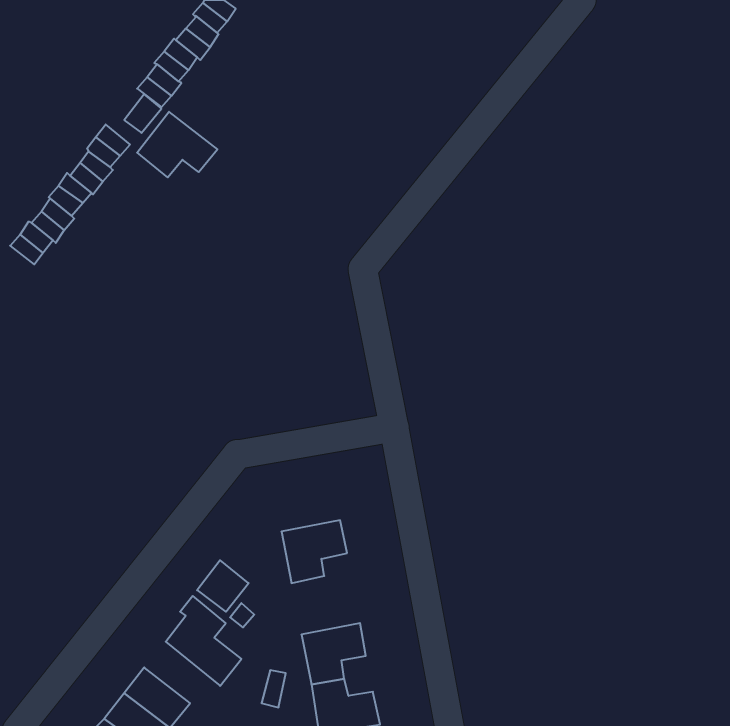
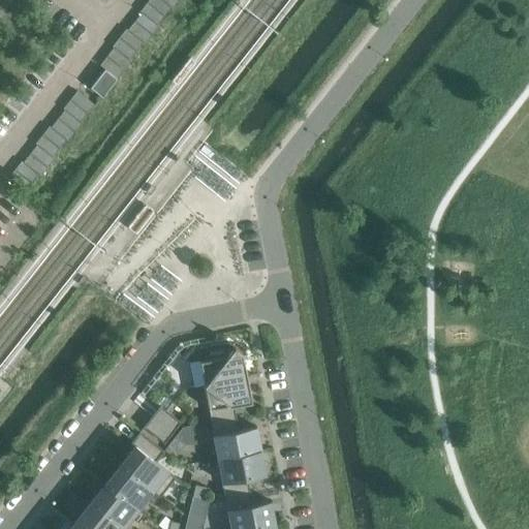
building: [137,112,217,177] -> none
building: none -> [189,349,246,390]
building: none -> [211,419,260,462]
building: none -> [104,467,159,511]

